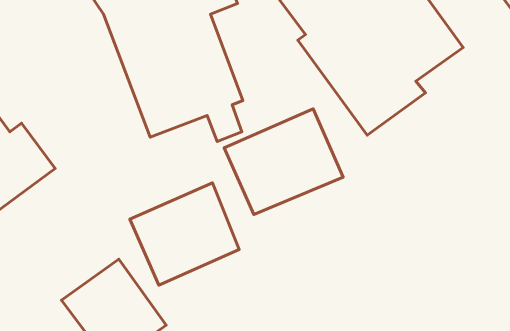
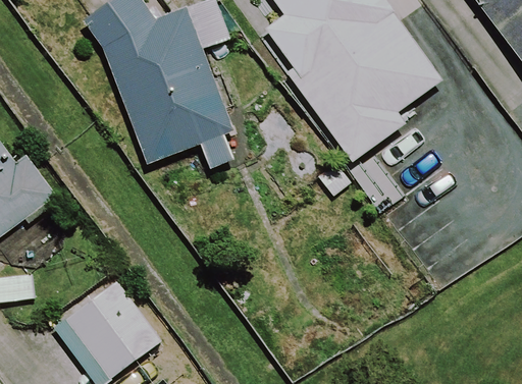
building: [224,109,343,214] -> none
building: [130,183,239,285] -> none

